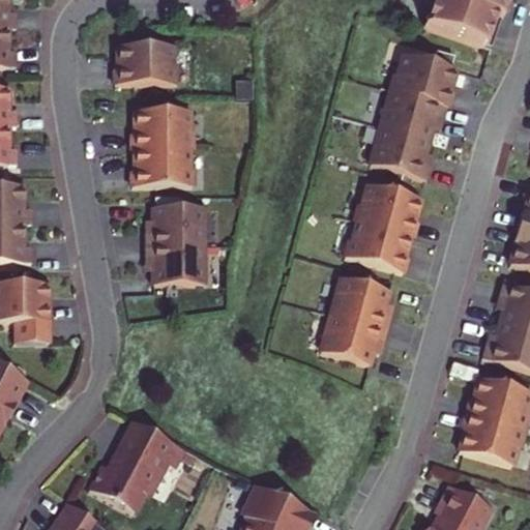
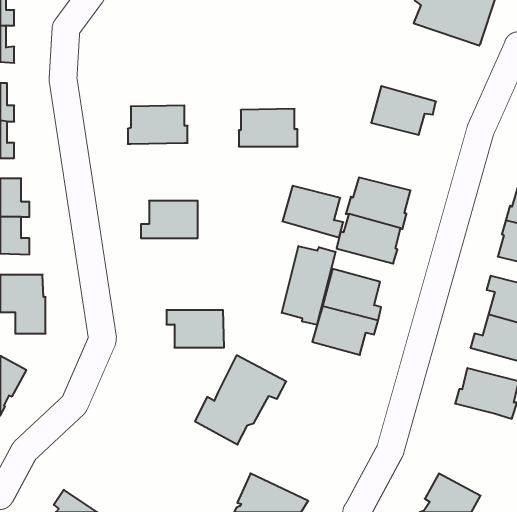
building: [115,42,175,82] -> none
building: [390,53,455,104] -> none
building: [370,125,432,178] -> [282,186,343,238]
building: [132,146,193,184] -> [239,109,298,146]
building: [145,243,204,282] -> [166,310,224,348]
building: none -> [282,246,336,325]
building: [459,412,524,464] -> none
building: [90,419,183,510] -> [195,355,286,445]

